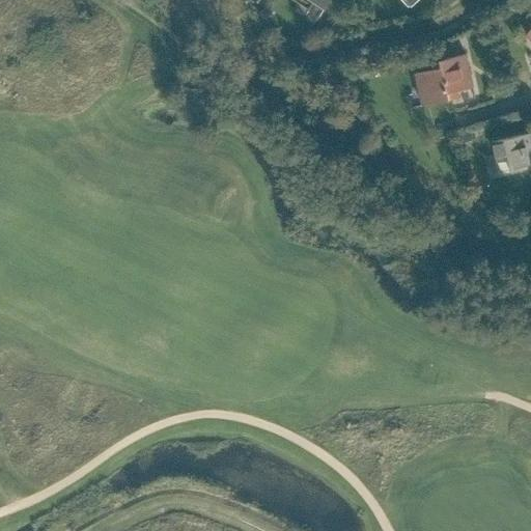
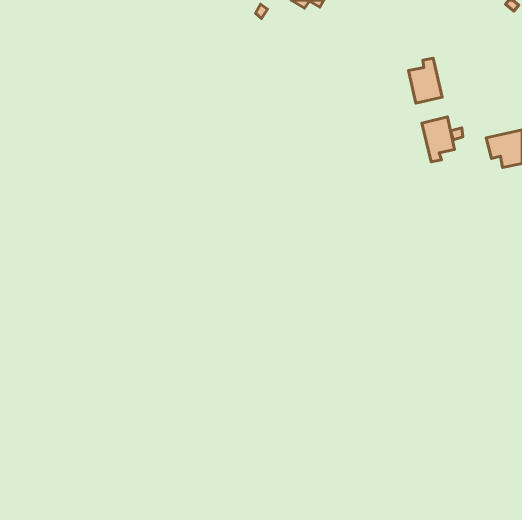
building: [440,55,473,101] -> [422,117,455,162]

